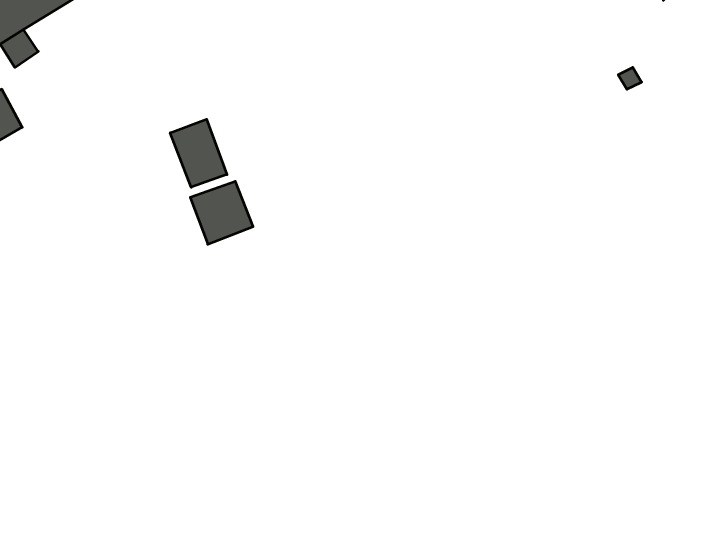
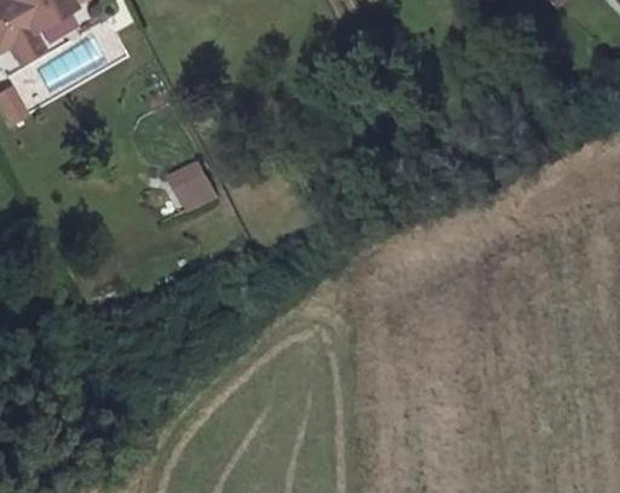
building: [170,119,227,187] -> none

